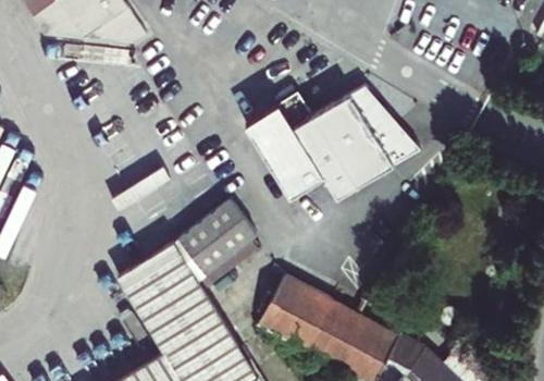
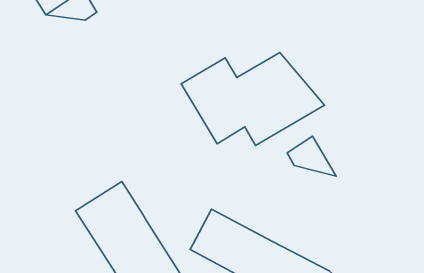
building: none -> [287,136,336,176]
building: [174,200,258,281] -> none

